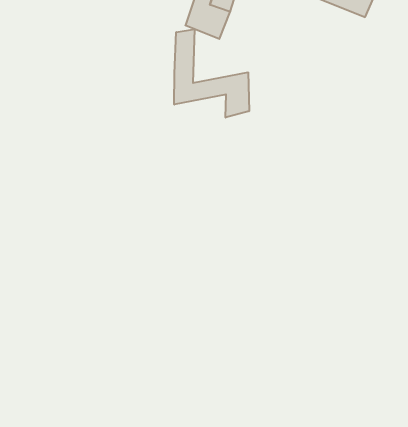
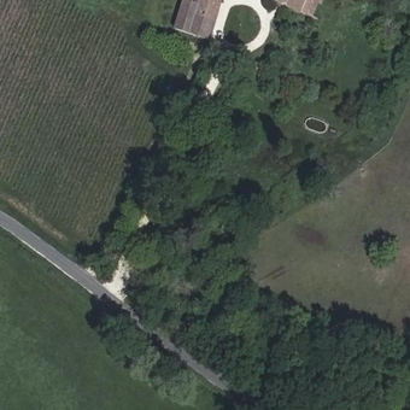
building: [174,29,249,118] -> none

